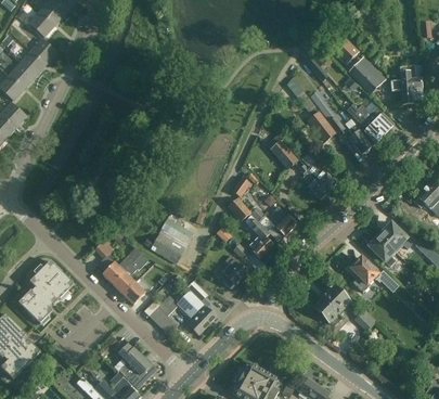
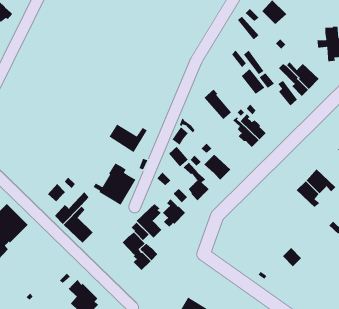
building: [348,56,386,94] -> none
building: none -> [109,124,148,153]
building: [349,257,398,293] -> none
building: [314,286,349,325] -> none
building: [149,296,178,335] -> [136,203,162,239]

